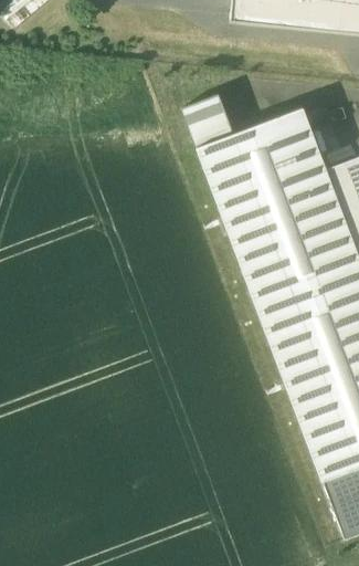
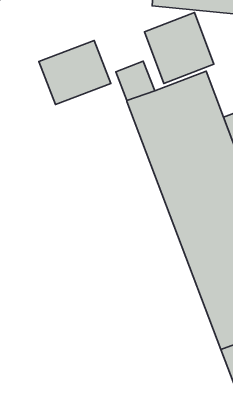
building: none -> [144,13,214,83]
building: none -> [39,41,111,104]

